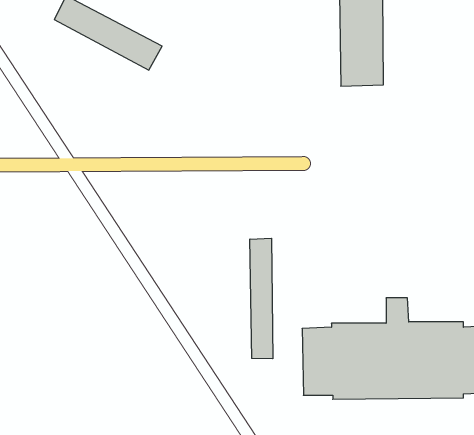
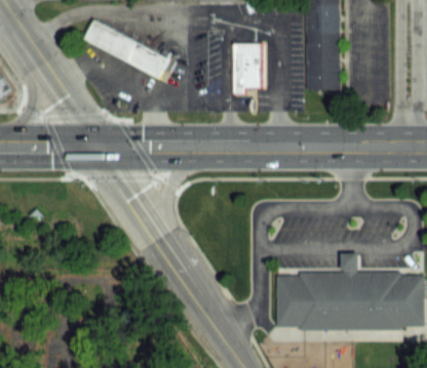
building: none -> [233,42,262,93]
building: [250,238,273,359] -> none

